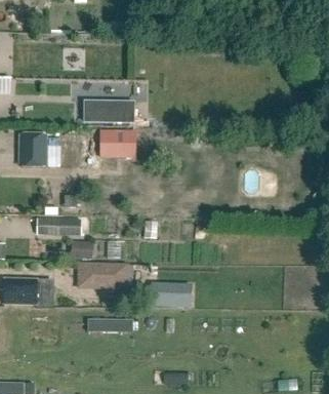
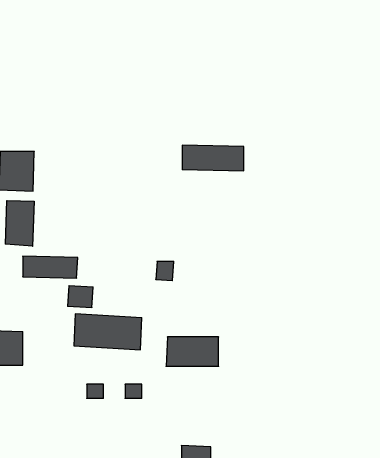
building: [85,100,134,120] -> [182,145,244,171]
building: [101,129,134,156] -> none
building: none -> [5,201,34,246]

